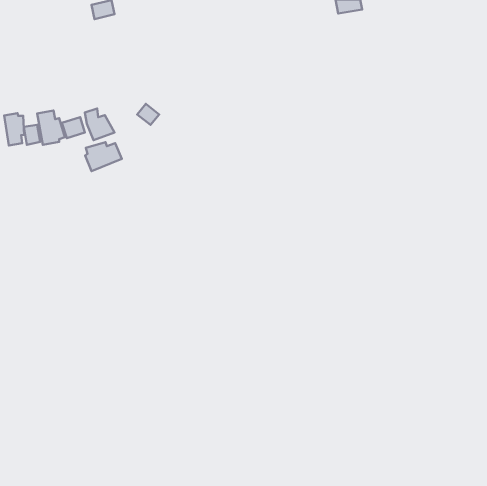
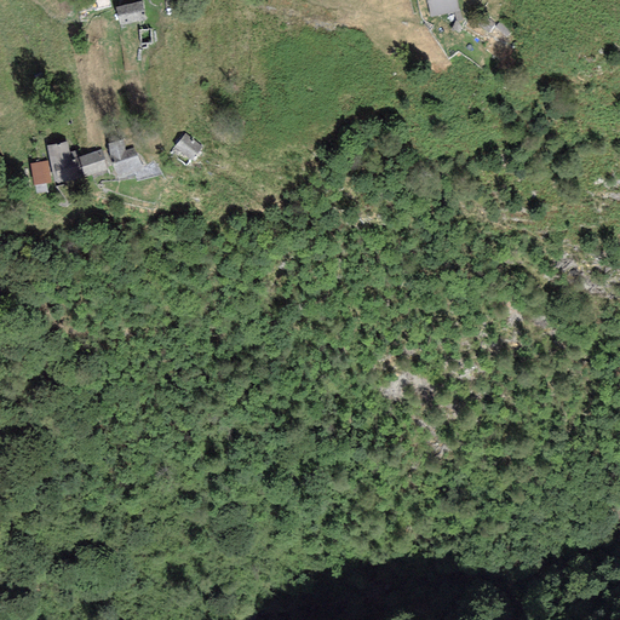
building: [4,113,24,145] -> none
building: [85,142,122,171] -> none

